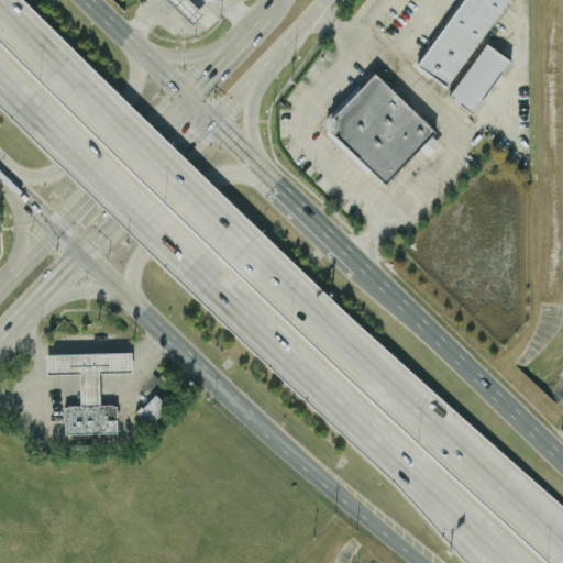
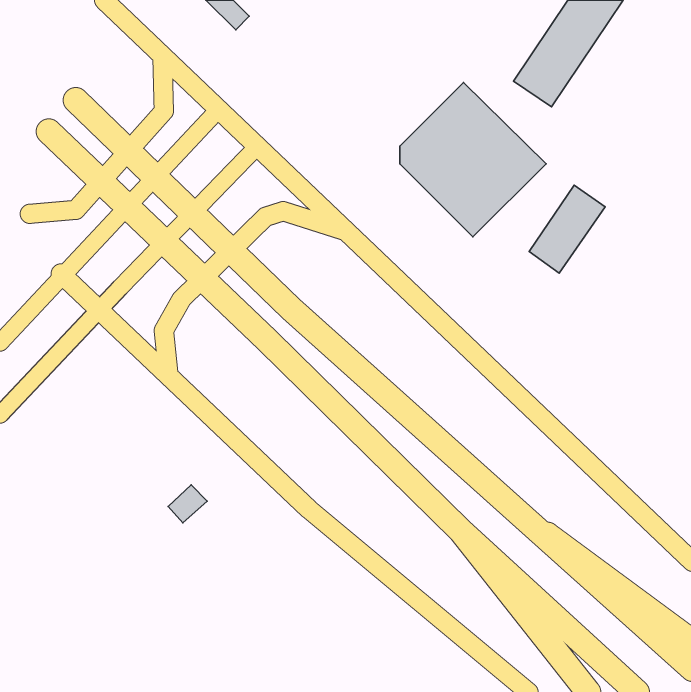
building: [450,42,511,113] -> [529,185,605,273]
building: [47,352,133,433] -> none

